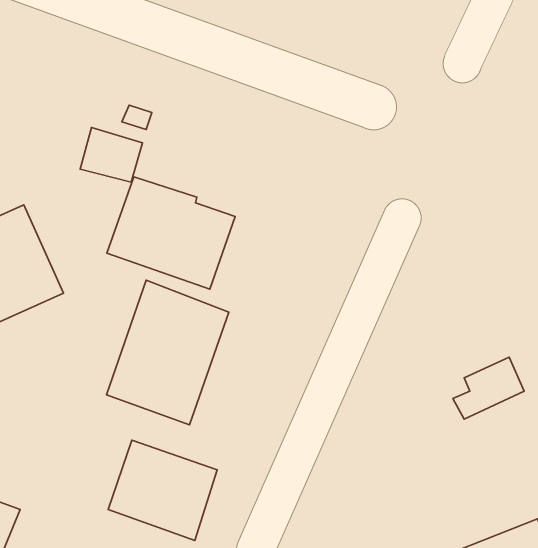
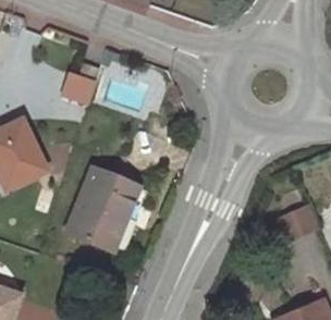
building: [107,177,235,289] -> none
building: [108,440,217,540] -> none

